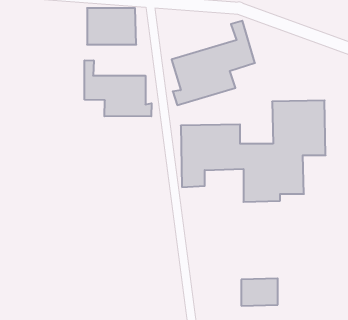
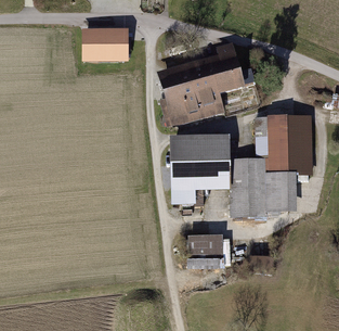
building: [85,60,152,116] -> none
building: [241,278,278,306] -> [190,235,224,262]

